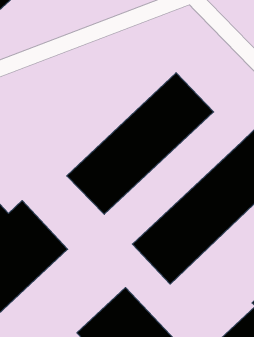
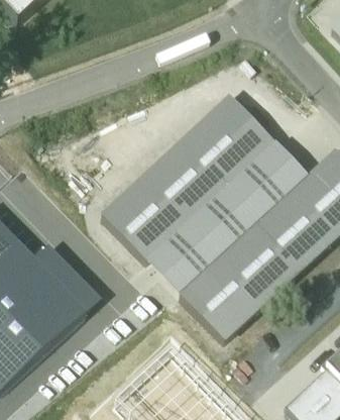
building: none -> [145,137,308,294]

